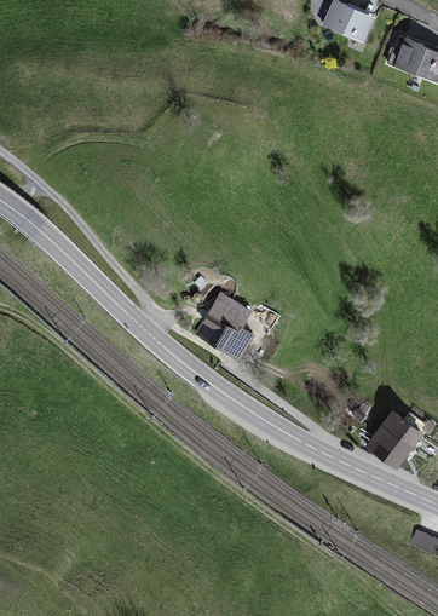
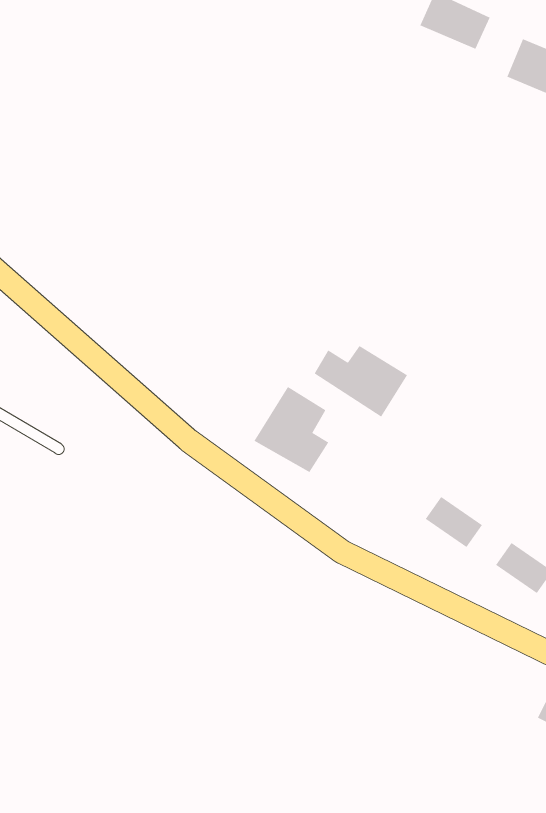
building: none -> [314,345,408,417]
building: [367,428,410,467] -> [425,496,483,548]

